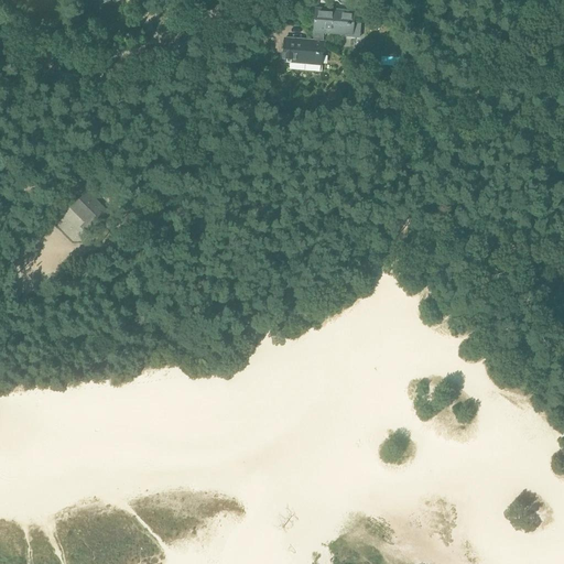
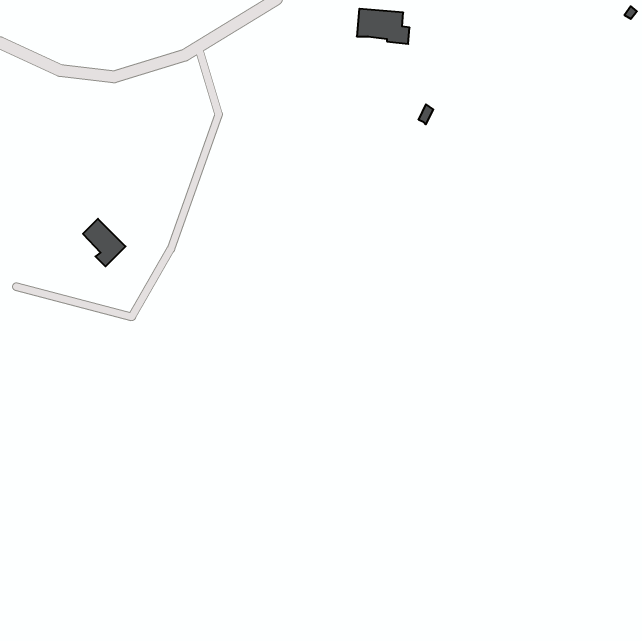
building: [282,32,324,65] -> none

